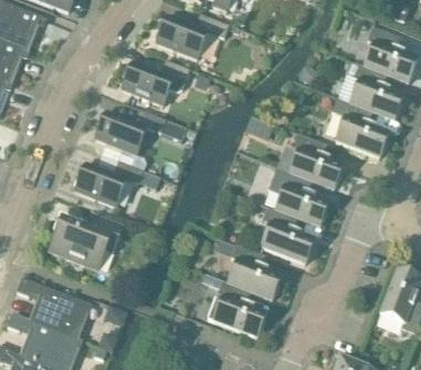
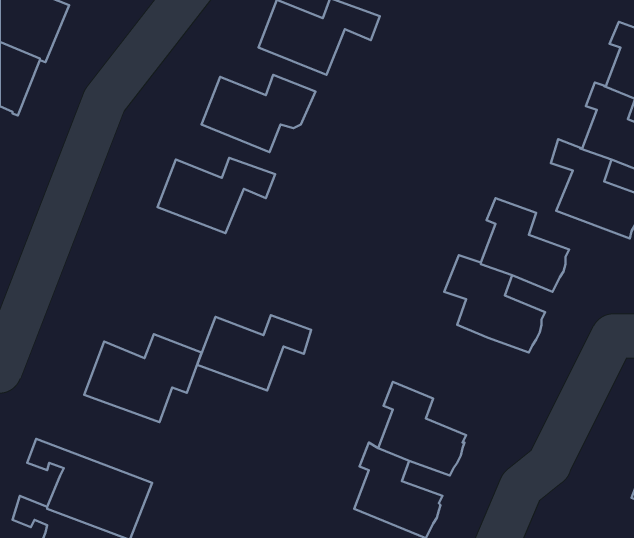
building: [74,160,143,205] -> [197,315,311,390]
building: [261,207,314,263] -> none

